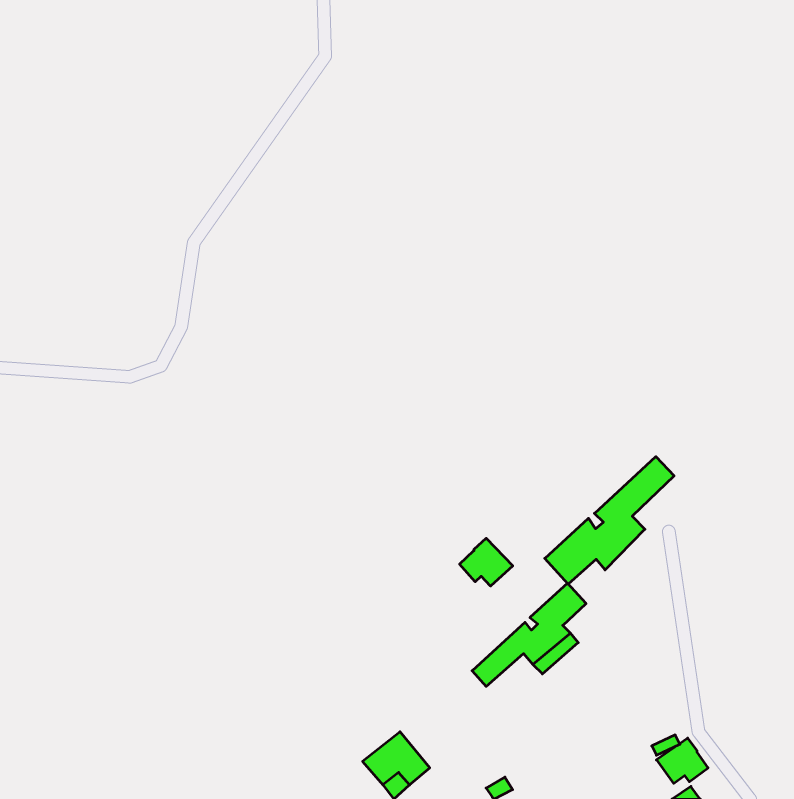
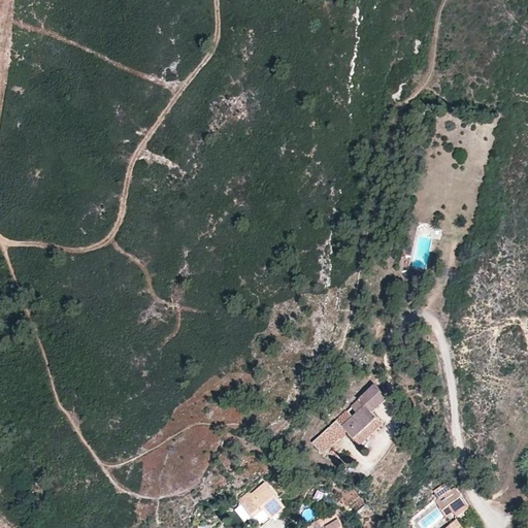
building: [545,457,674,584] -> none
building: [460,538,513,586] -> none

